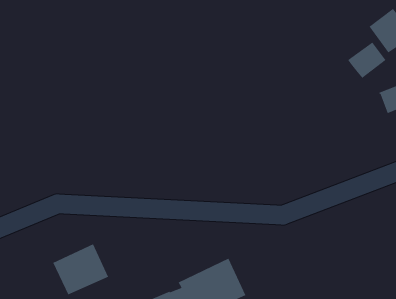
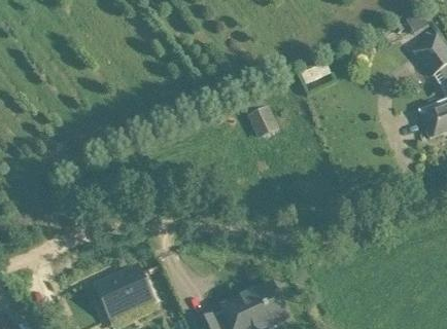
building: [347,41,387,79] -> none
building: none -> [245,104,278,137]

